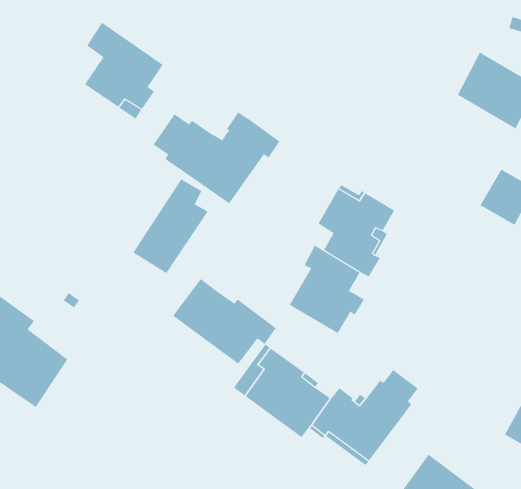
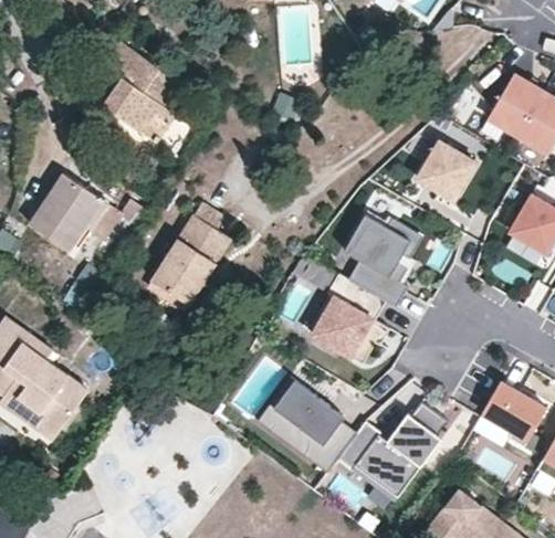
building: [153,112,280,204] -> none
building: none -> [419,144,479,202]
building: none -> [29,175,146,251]
building: [173,278,276,365] -> none
building: none -> [481,381,545,446]

